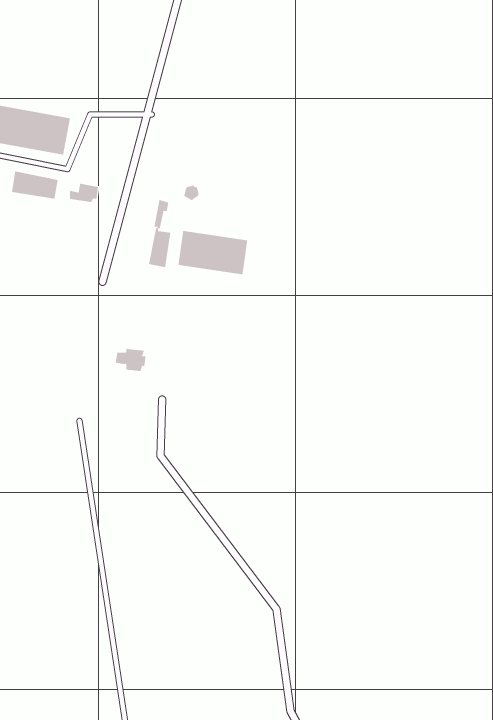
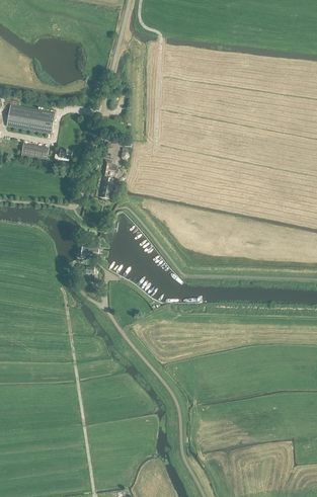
building: [178,230,248,275] -> none

